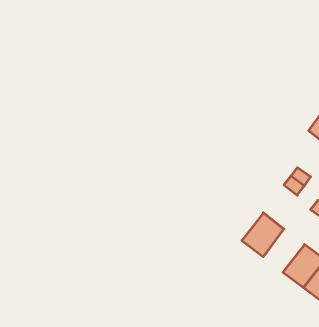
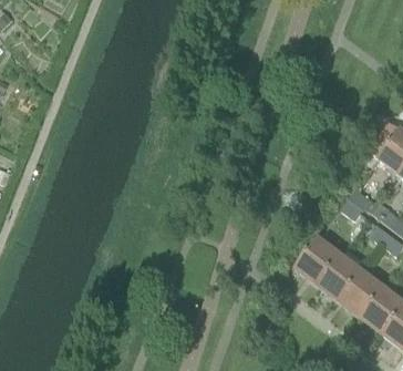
building: none -> [319,255,363,301]

